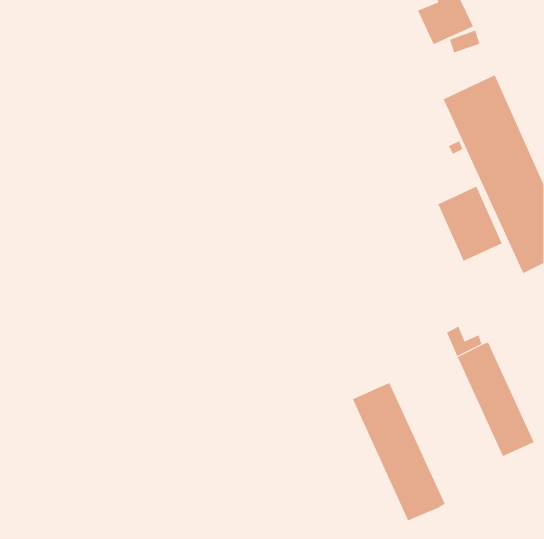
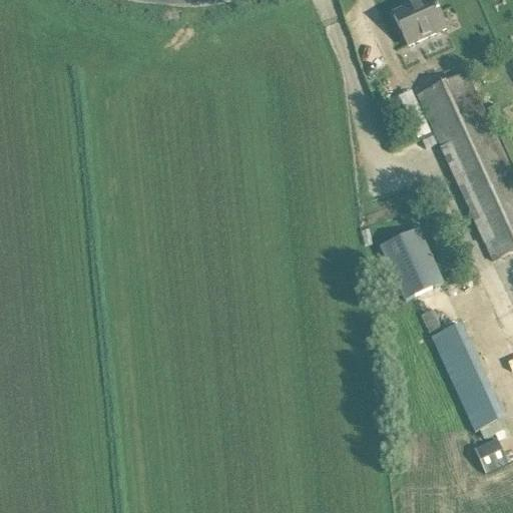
building: [437,186,502,262] -> [380,226,441,298]
building: [352,382,445,521] -> none
building: none -> [474,435,508,471]

